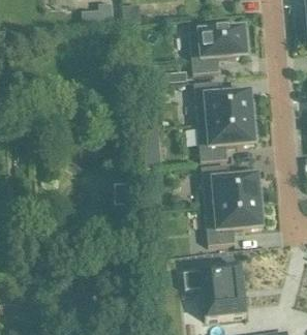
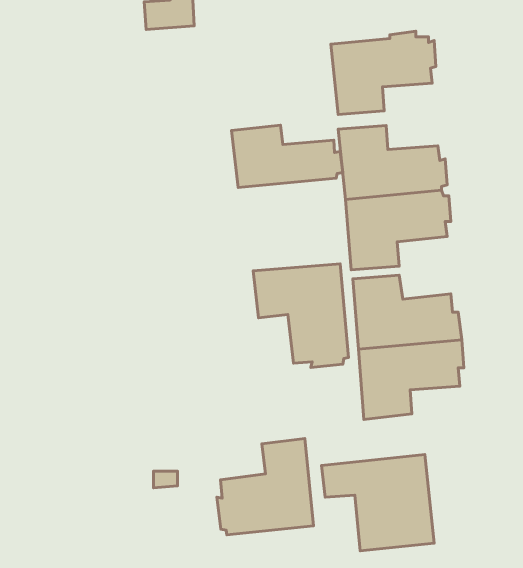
building: none -> [231,125,343,188]
building: none -> [253,264,348,368]
building: none -> [217,438,313,535]

